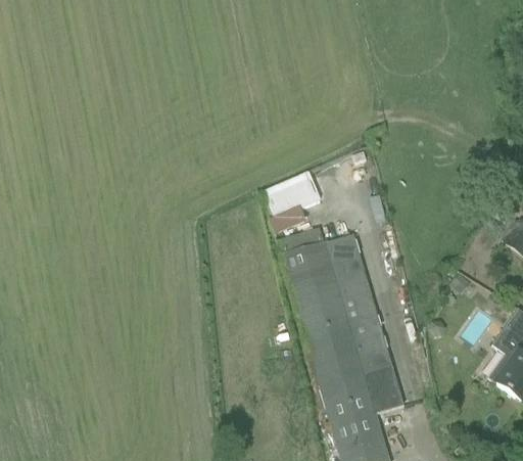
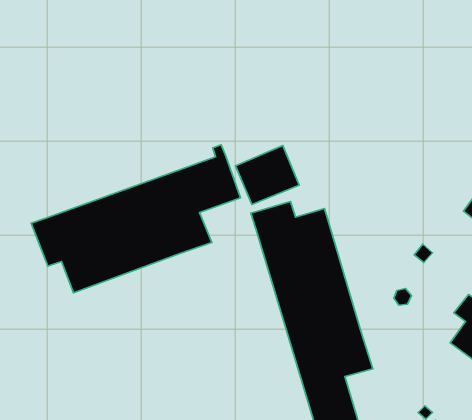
building: none -> [31,145,241,293]

